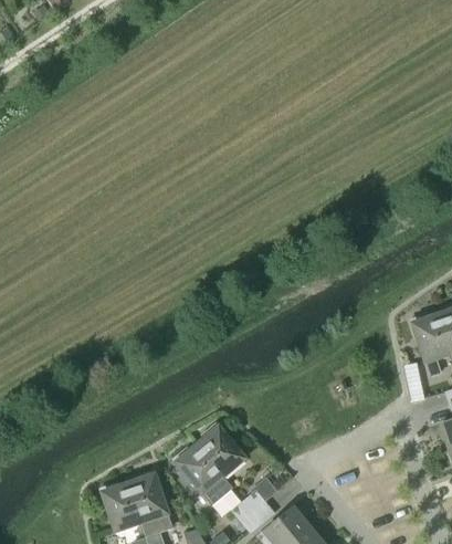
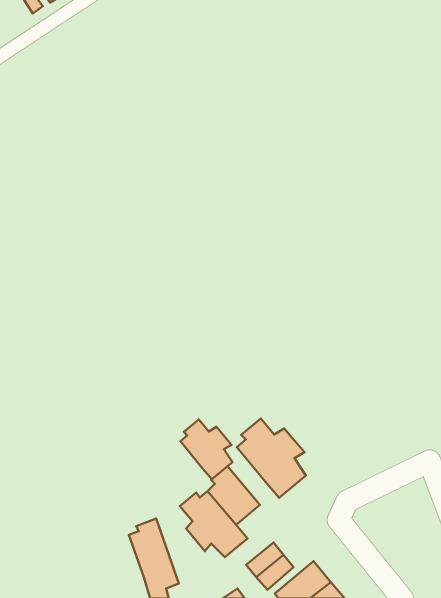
building: none -> [237,418,306,498]
building: none -> [180,420,232,479]
building: [101,483,141,532] -> none

